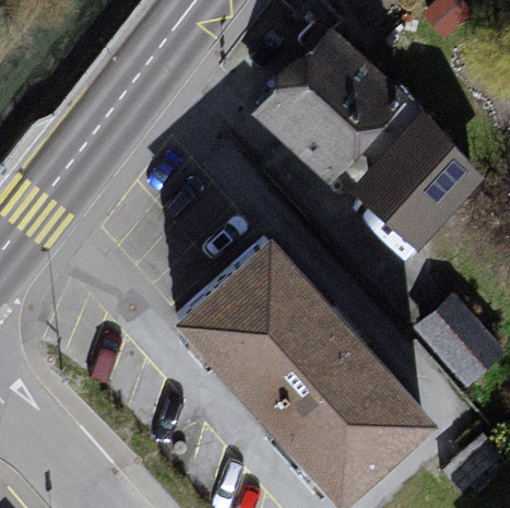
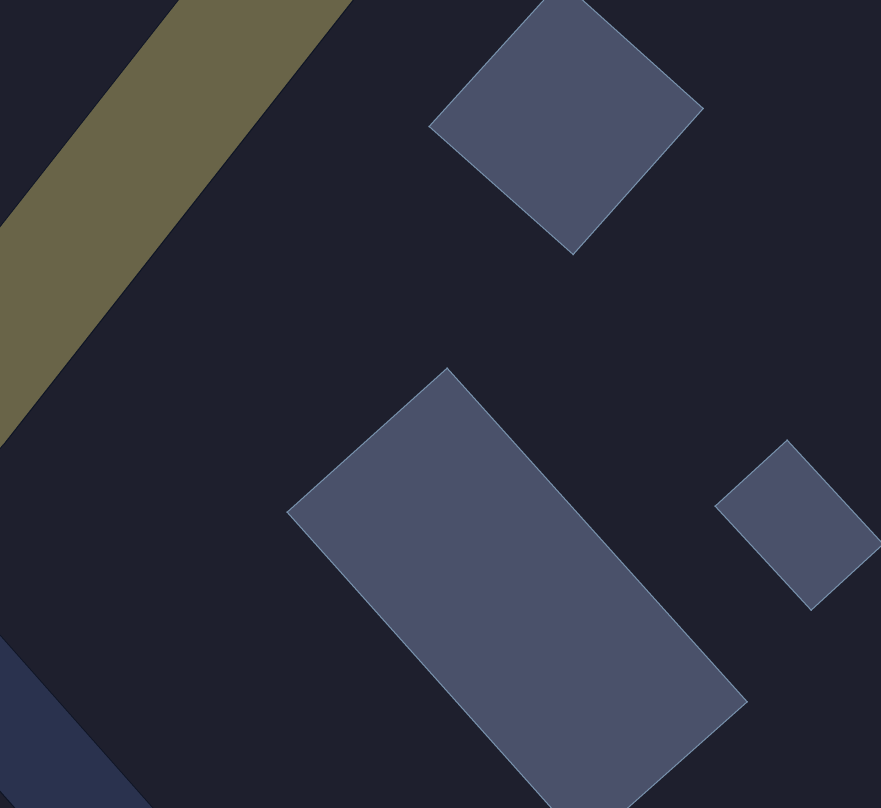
building: [348,116,481,255] -> none

